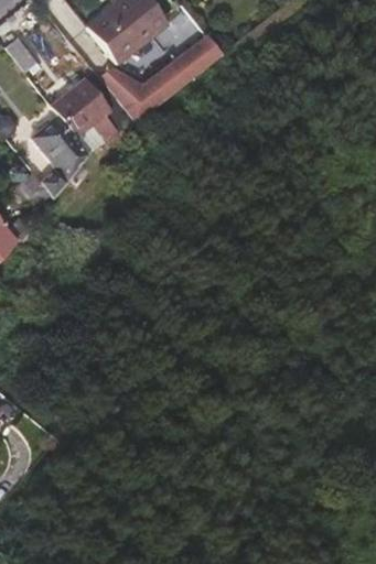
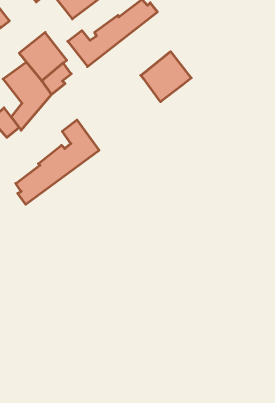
building: none -> [141,52,191,102]
building: none -> [16,120,99,204]

